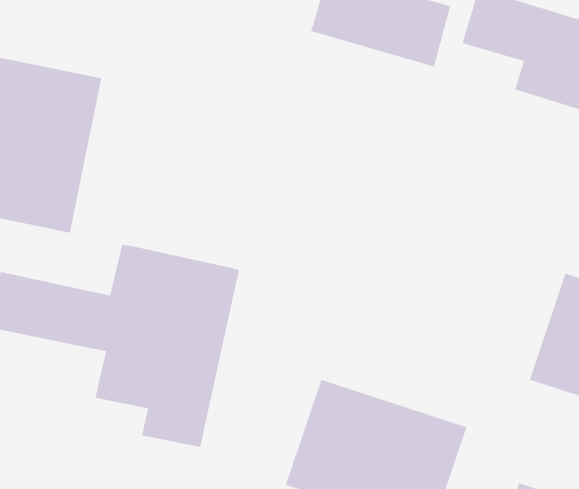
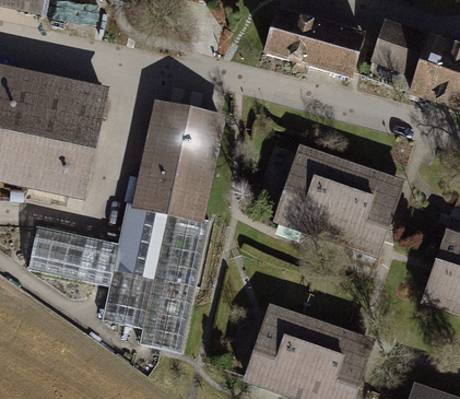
building: none -> [130,102,222,222]
building: none -> [270,143,405,259]

